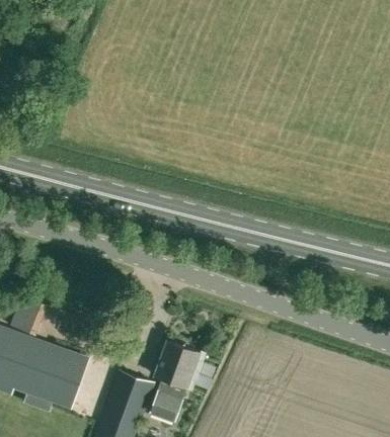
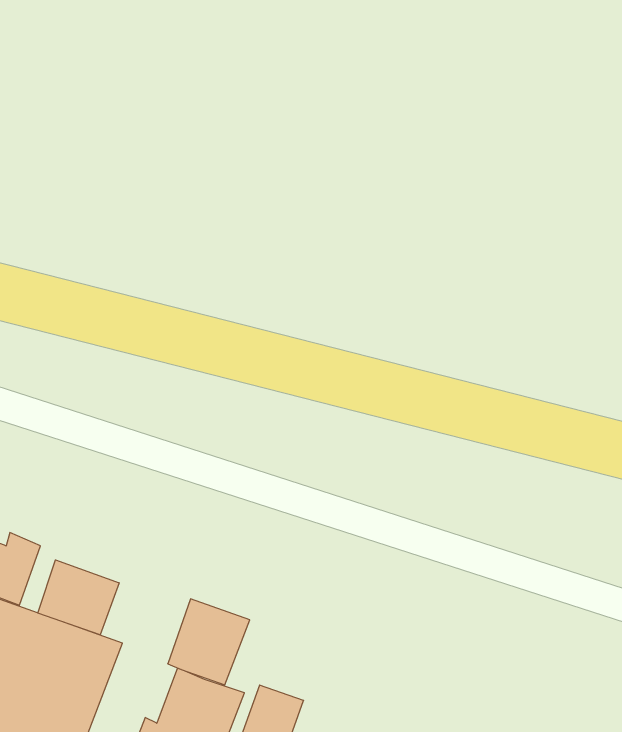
building: none -> [38,560,119,635]
building: [156,342,200,387] -> [168,599,250,685]

